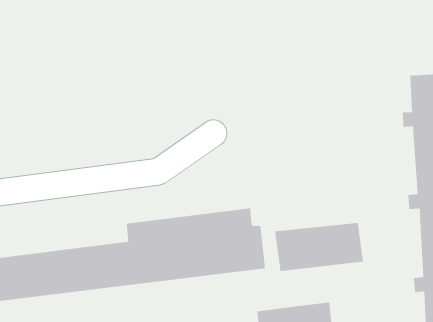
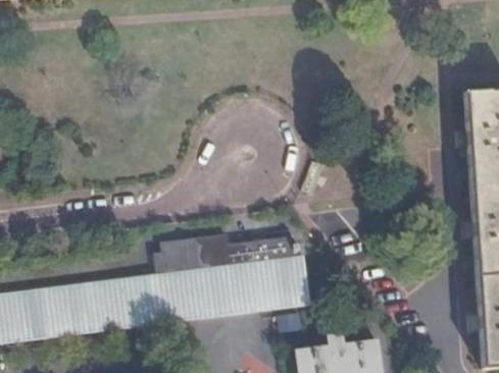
building: [274,222,363,272] -> none

